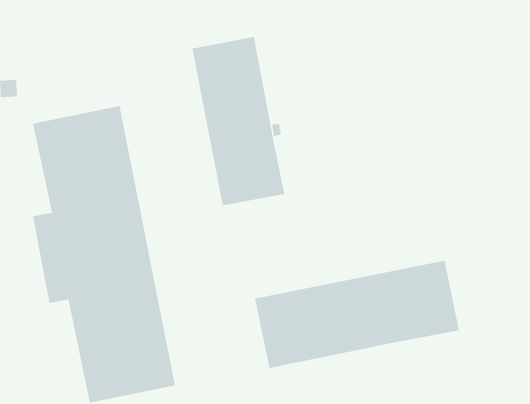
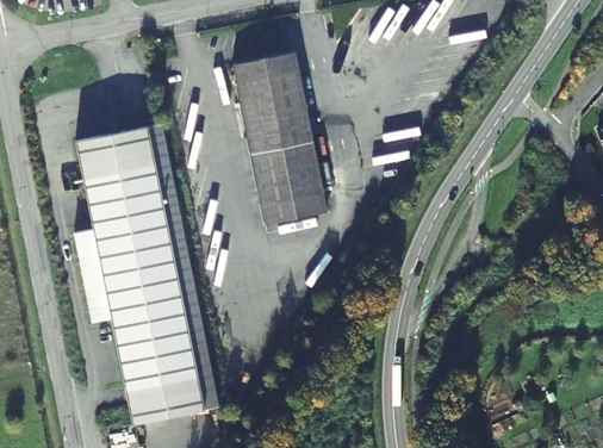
building: [254,260,460,369] -> none

